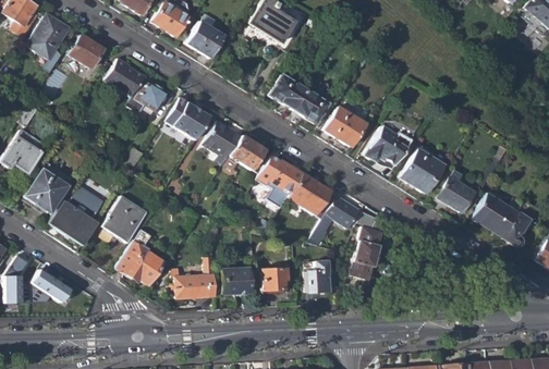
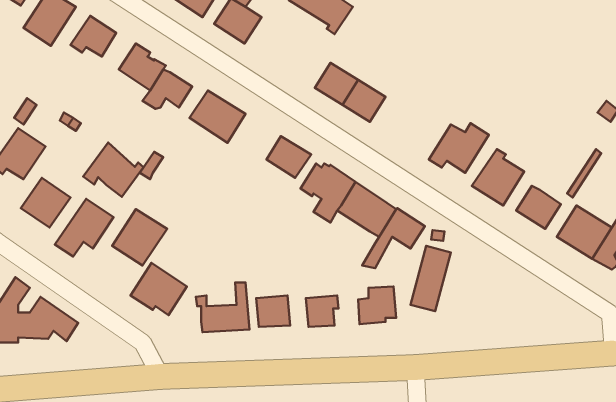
building: [326,107,366,145] -> none
building: [204,120,242,164] -> none
building: none -> [83,143,144,197]

